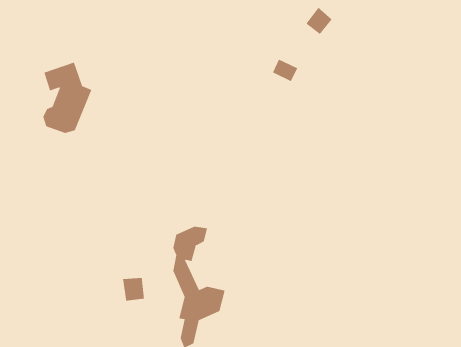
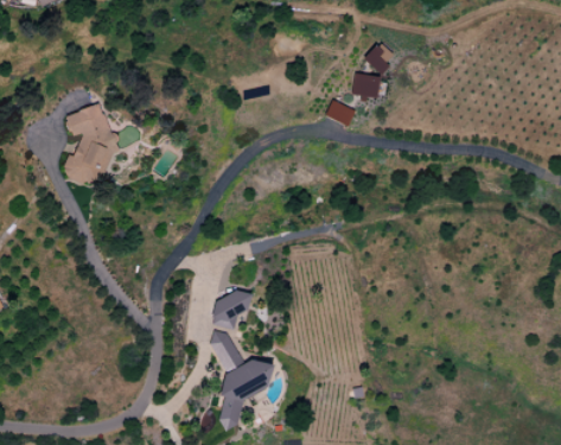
building: none -> [353,74,378,97]
building: [123,277,144,302] -> none

